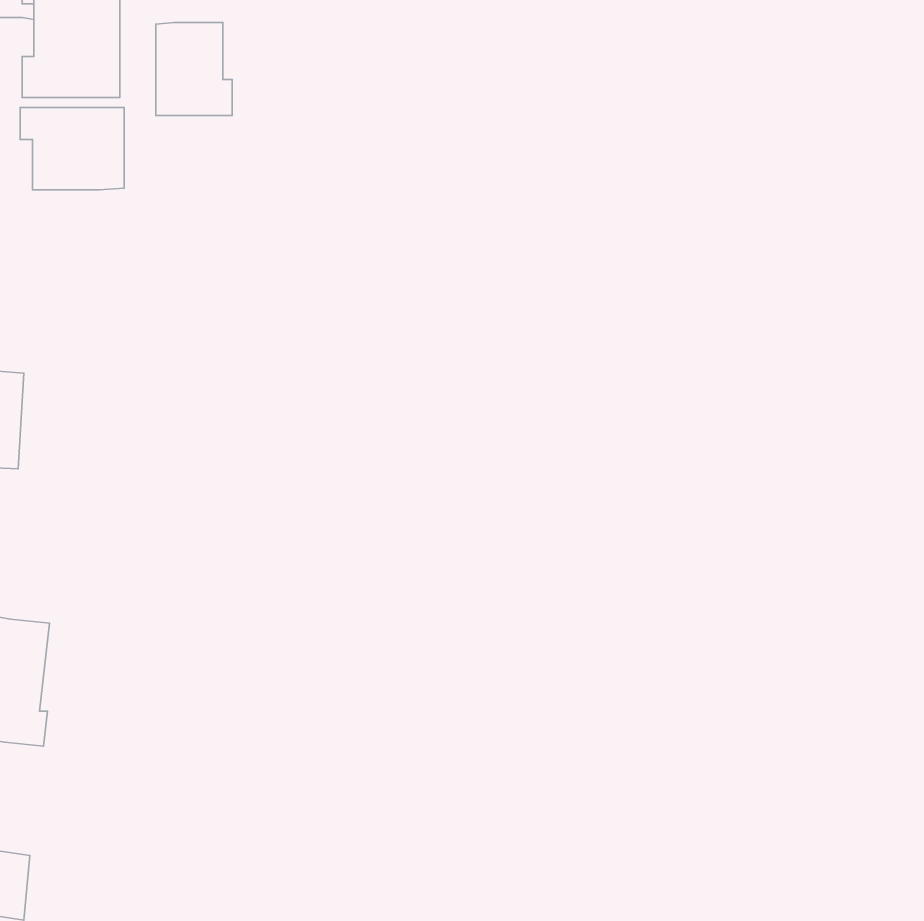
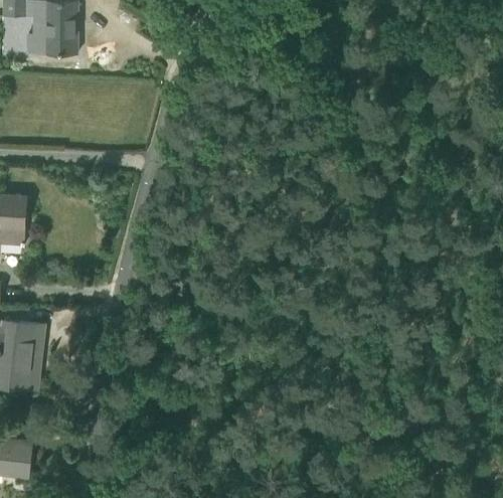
building: [156,22,232,116] -> none
building: [20,107,124,190] -> none

